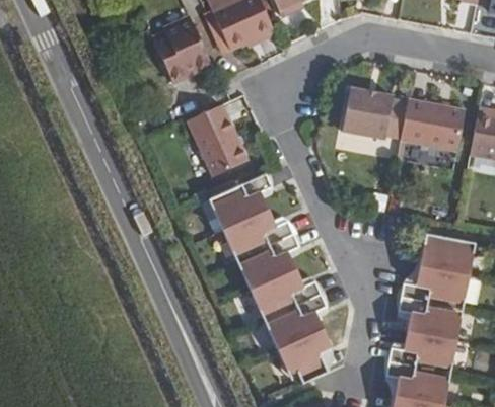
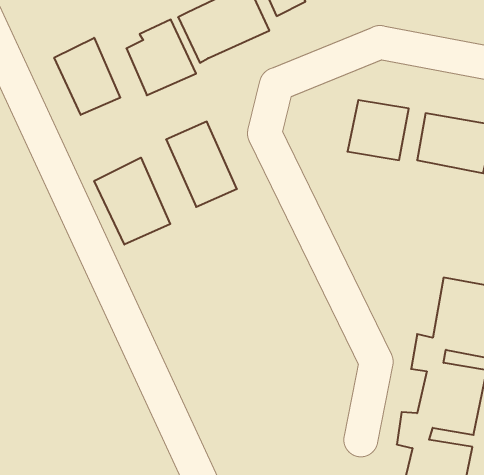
building: none -> [54,38,120,115]
building: none -> [94,158,170,245]
building: [211,174,331,384] -> none

